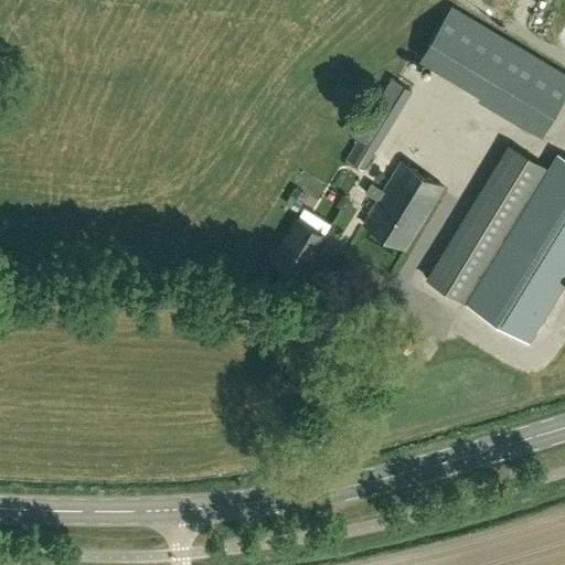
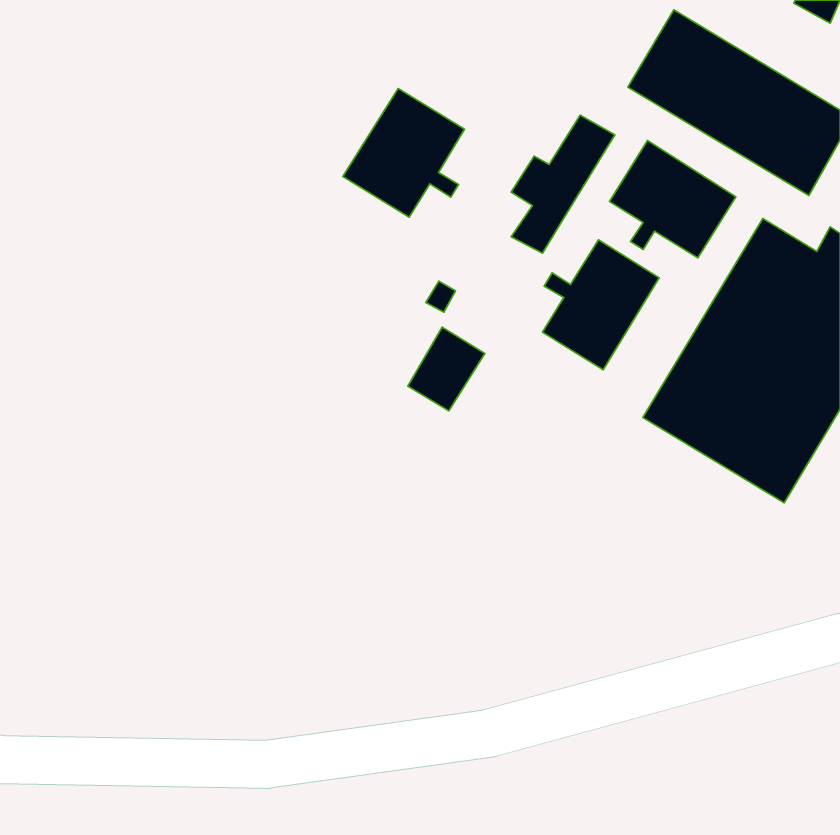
building: none -> [343,88,465,217]
building: none -> [610,140,736,258]

